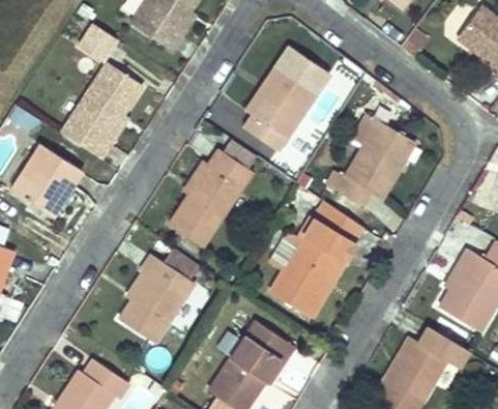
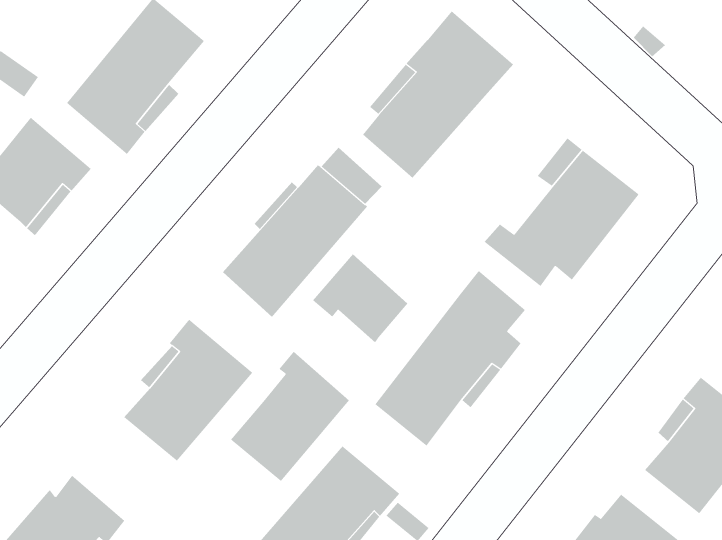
building: none -> [312,253,408,343]
building: none -> [230,351,350,482]

